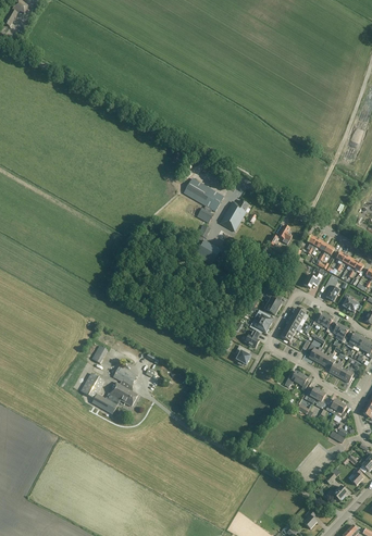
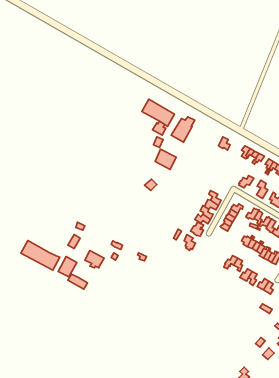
building: none -> [21,240,60,270]
building: [106,381,138,406] -> none

